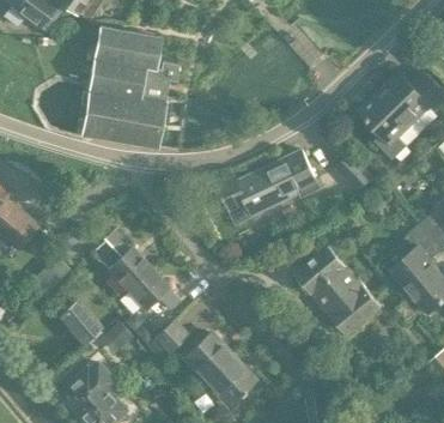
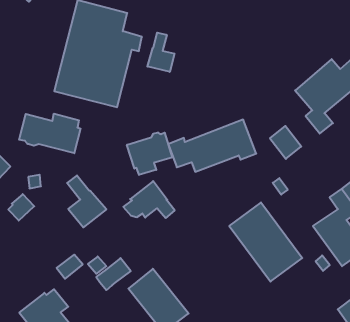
building: none -> [147,33,174,72]
building: none -> [19,114,81,153]
building: none -> [127,132,172,175]
building: [118,267,178,310] -> [123,181,175,218]
building: [57,300,102,345] -> none

